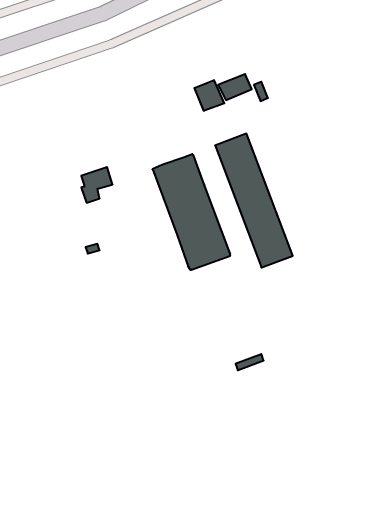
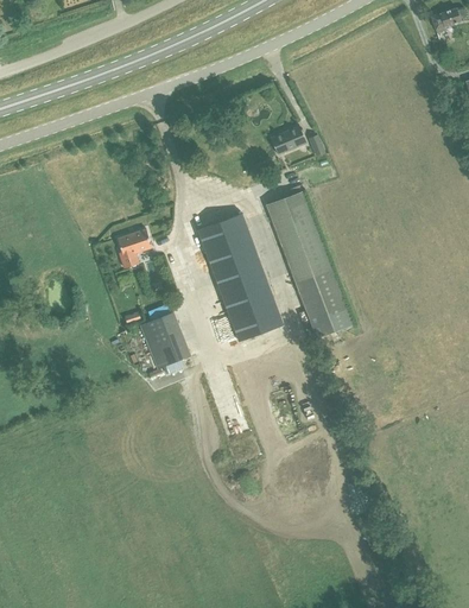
building: [194,80,224,111] -> none
building: none -> [139,311,190,369]

